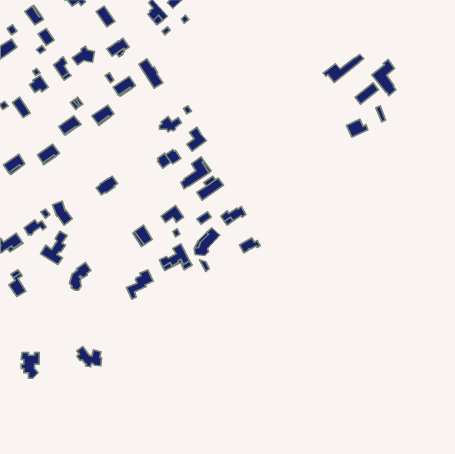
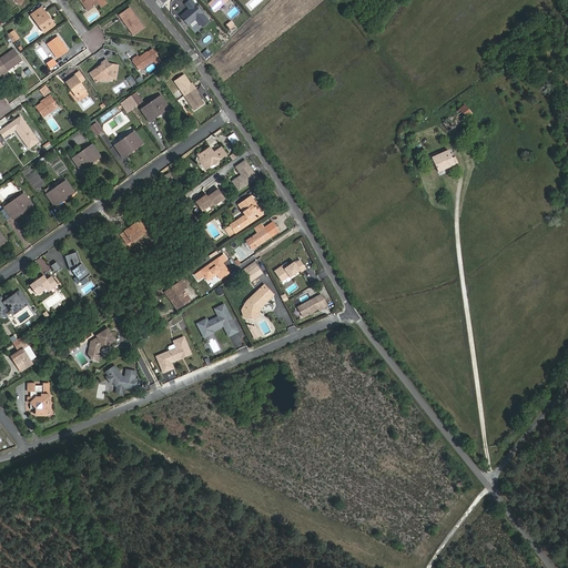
building: [323,54,364,83] -> none
building: [372,59,396,96] -> none
building: [40,231,67,265] -> none
building: [77,346,102,367] -> [106,365,138,390]
building: [21,352,39,378] -> [27,382,49,414]

